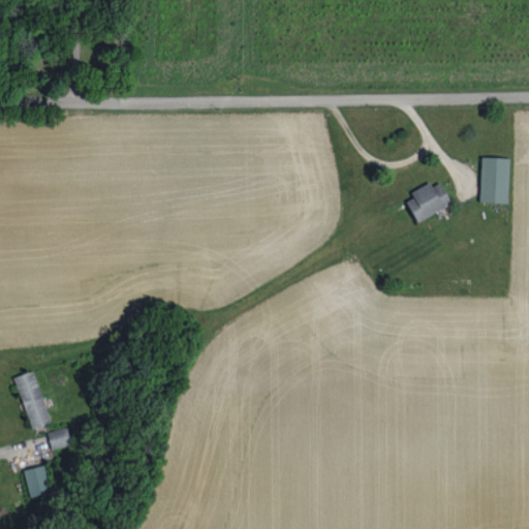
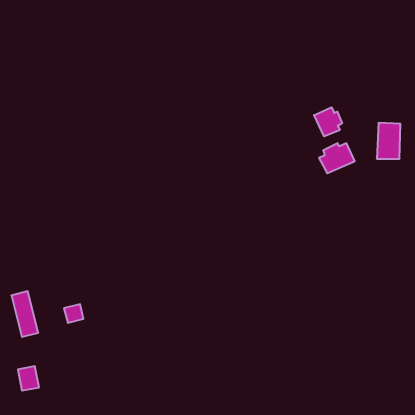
building: none -> [314,107,342,136]
building: [46,427,71,450] -> [64,304,83,323]

